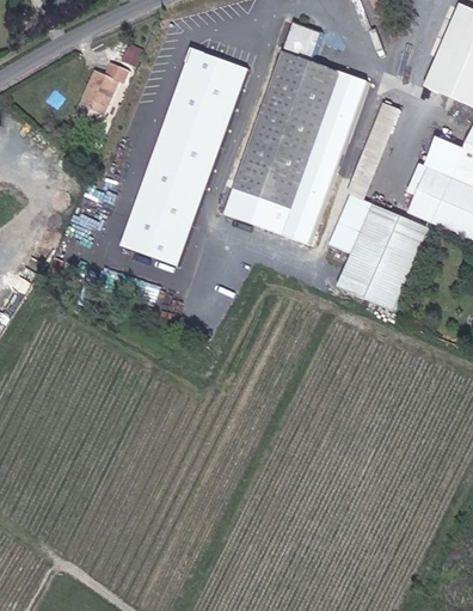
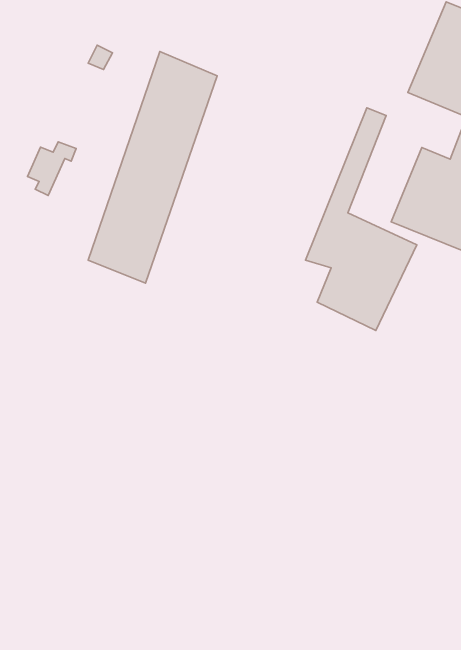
building: [221,22,366,244] -> none
building: [82,72,128,122] -> [28,142,76,196]

